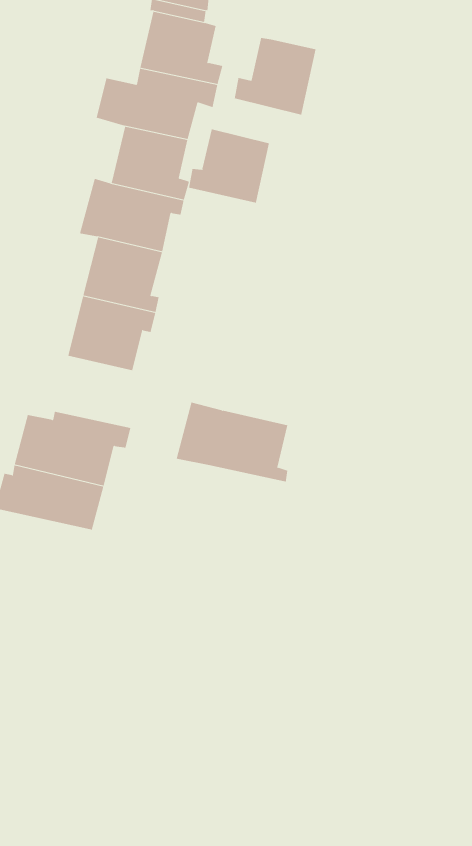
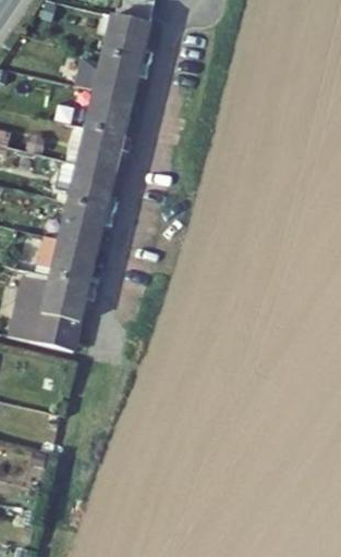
building: [234,37,316,115] -> none
building: [188,129,270,203] -> none
building: [176,402,288,482] -> [26,231,99,283]

